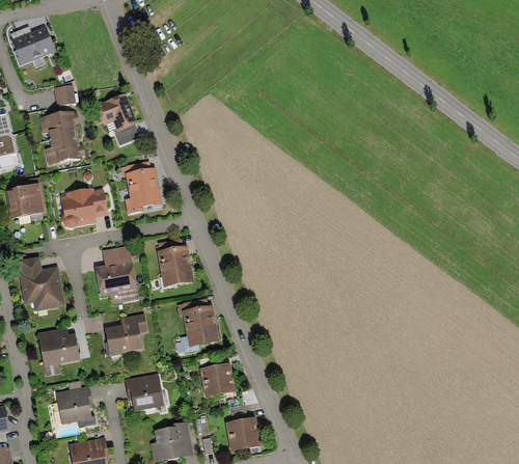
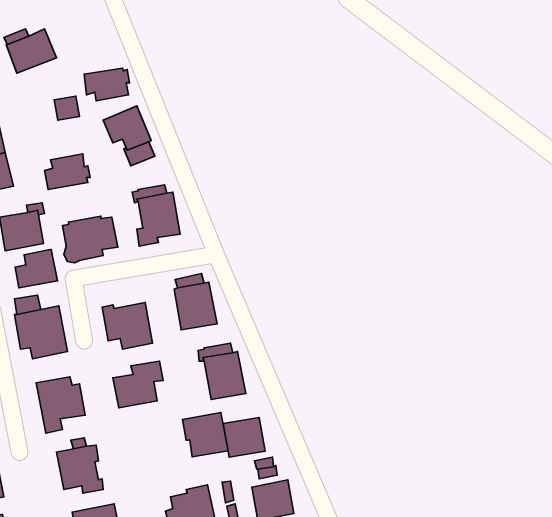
building: [39,111,79,139] -> [84,68,130,101]
building: none -> [15,250,57,288]
building: [102,245,132,268] -> none
building: [125,373,164,411] -> [183,412,228,457]

